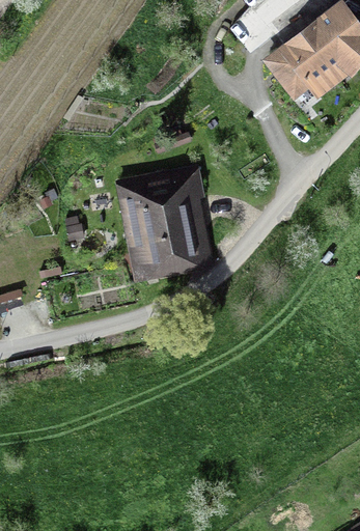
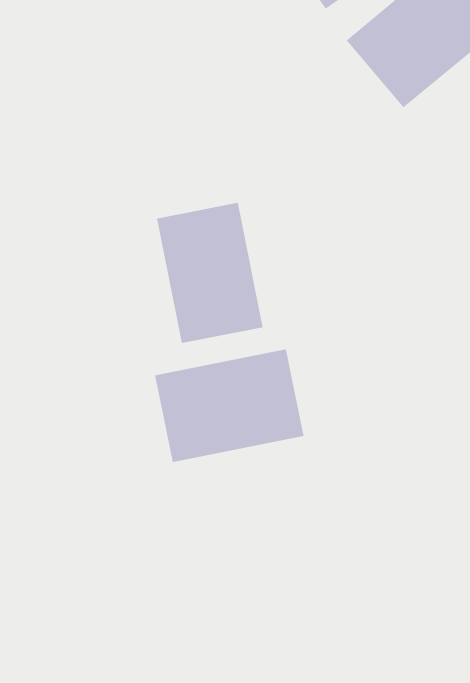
building: none -> [154,348,304,463]

